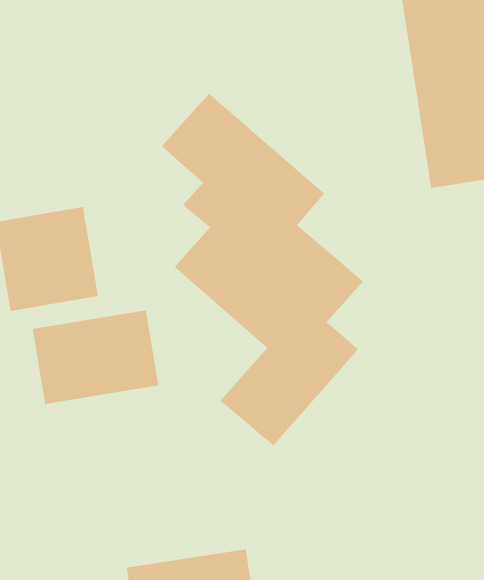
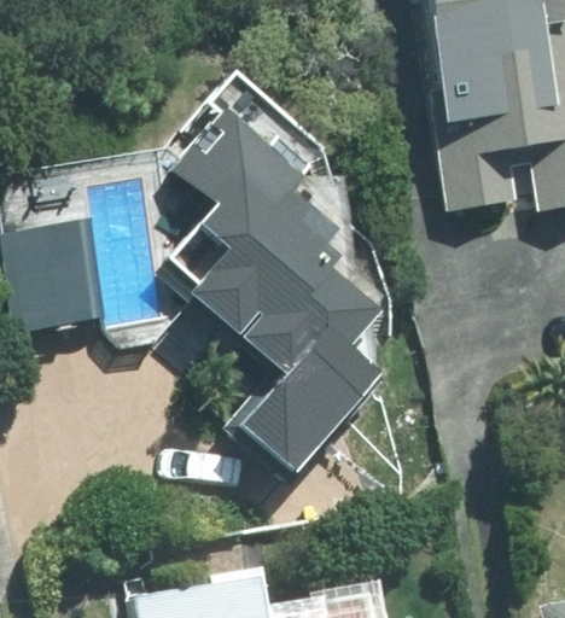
building: [32,309,159,405] -> none

